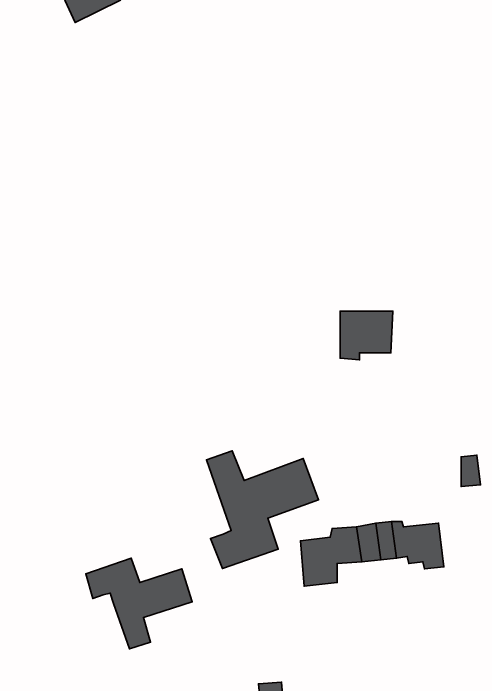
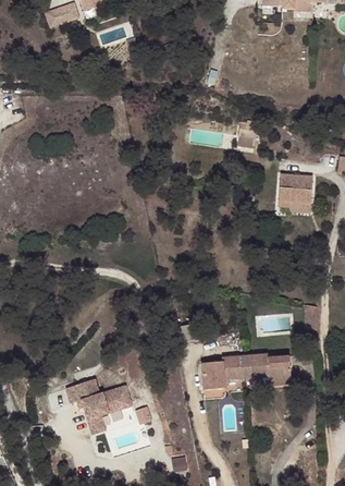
building: [340,311,393,360] -> [269,175,301,206]
building: [207,451,319,568] -> none

